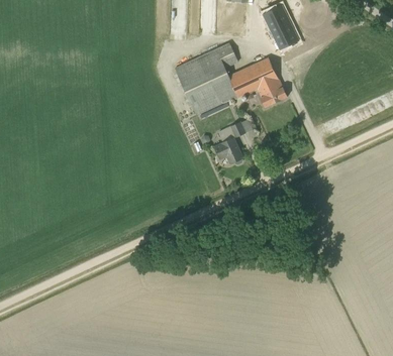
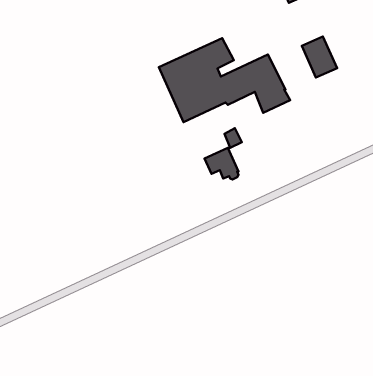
building: [265,15,295,50] -> [302,36,337,77]

